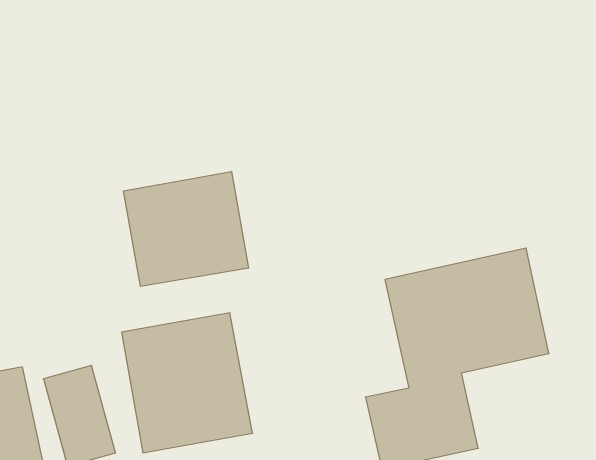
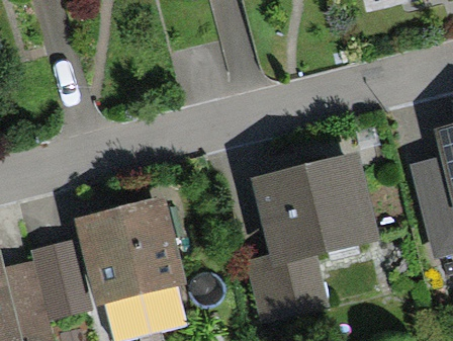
building: [124,171,249,286] -> none

